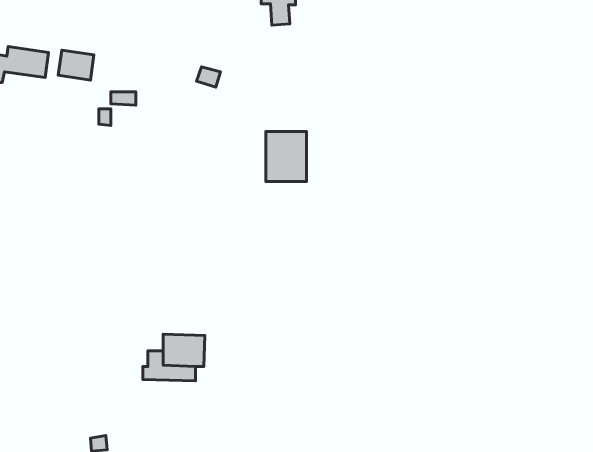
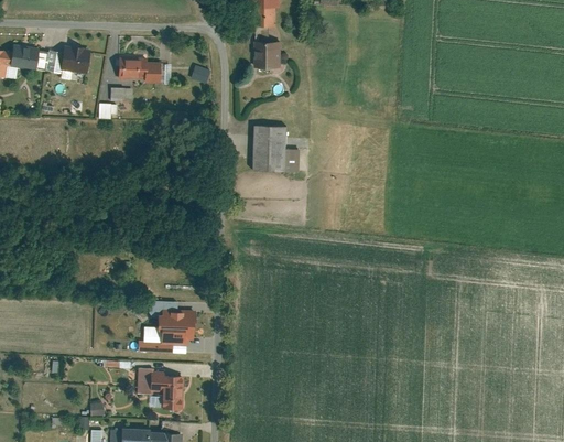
building: none -> [256,40,288,68]
building: none -> [119,58,163,84]
building: none -> [135,368,191,410]

